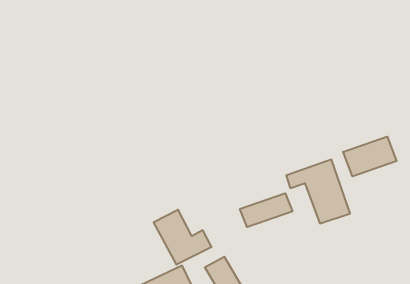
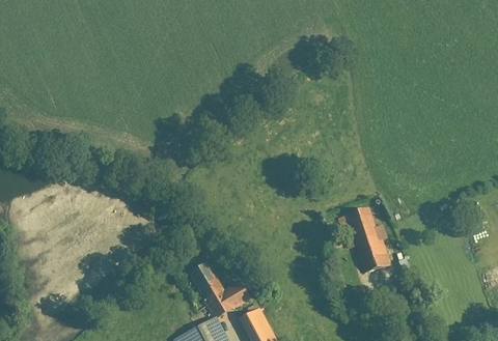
building: [343,137,397,176] -> none
building: [240,193,292,227] -> none

